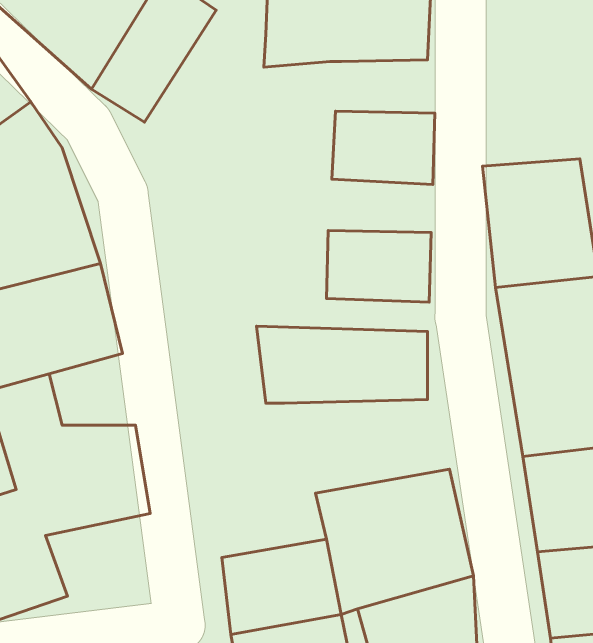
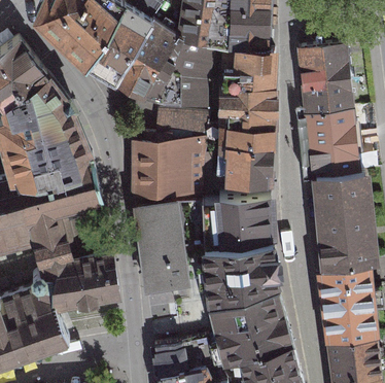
building: none -> [112,26,216,123]
building: none -> [295,46,356,113]
building: none -> [219,54,277,83]
building: none -> [215,120,274,150]
building: none -> [132,133,207,196]
building: none -> [131,203,186,295]
building: none -> [190,244,283,297]

